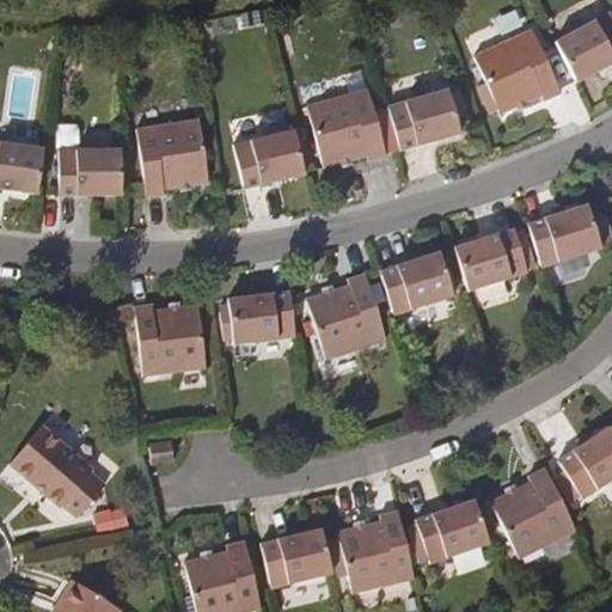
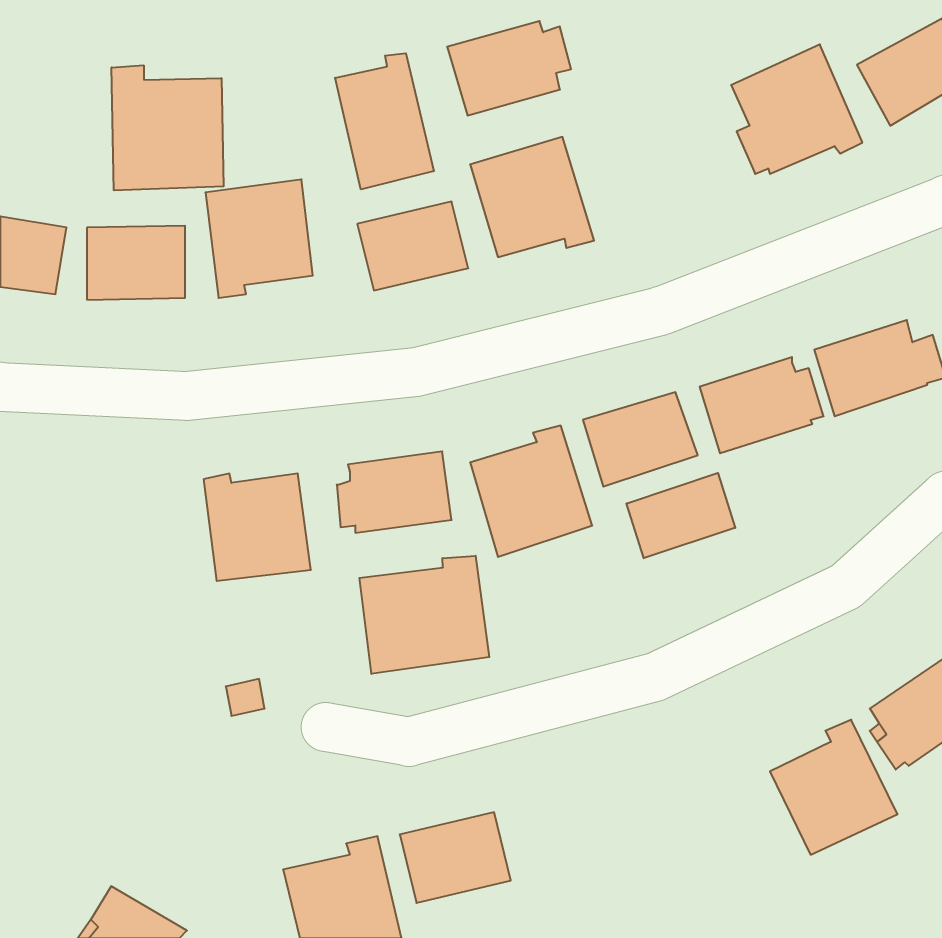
building: none -> [335,53,434,189]
building: none -> [112,65,224,190]
building: [388,88,469,149] -> [447,21,571,115]
building: none -> [626,473,735,558]
building: none -> [359,556,489,674]
building: [13,422,108,509] -> none
building: [412,500,490,563] -> none
building: [333,509,415,592] -> none

